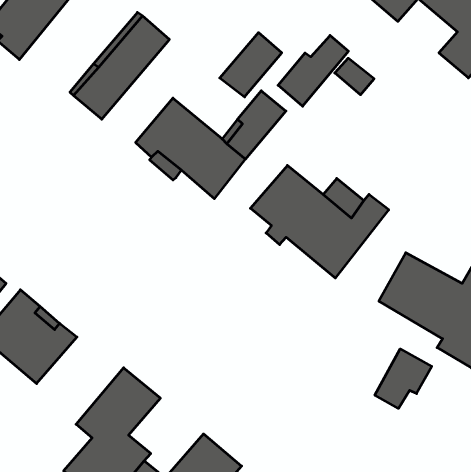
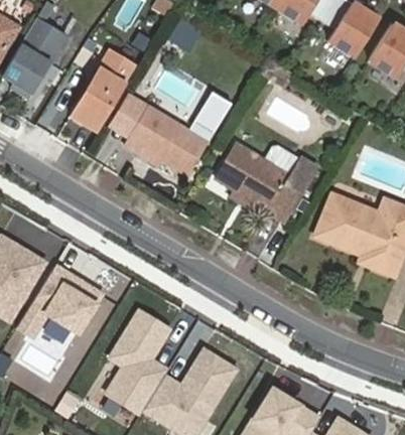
building: [220,33,282,97] -> [103,96,145,144]
building: [278,35,348,106] -> none
building: [375,349,432,408] -> none

